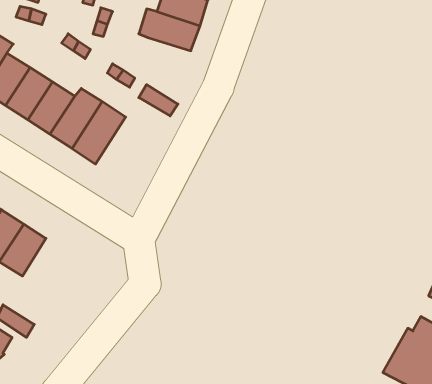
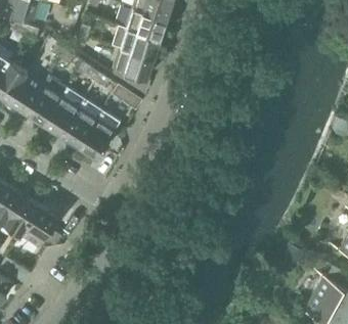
building: none -> [113,49,153,81]
building: none -> [78,111,120,159]
building: none -> [20,206,57,248]

